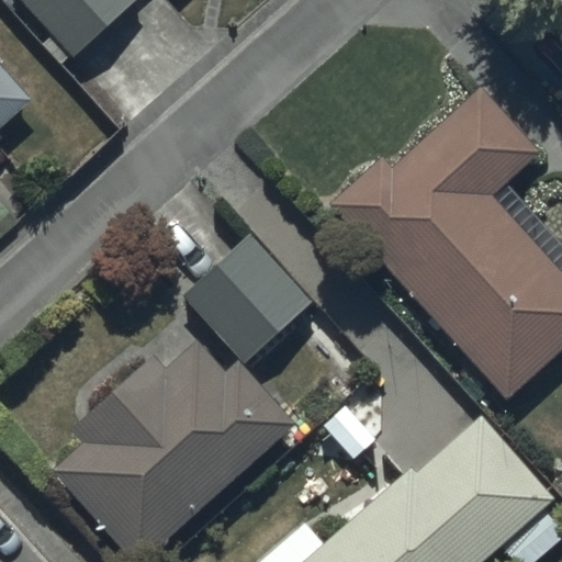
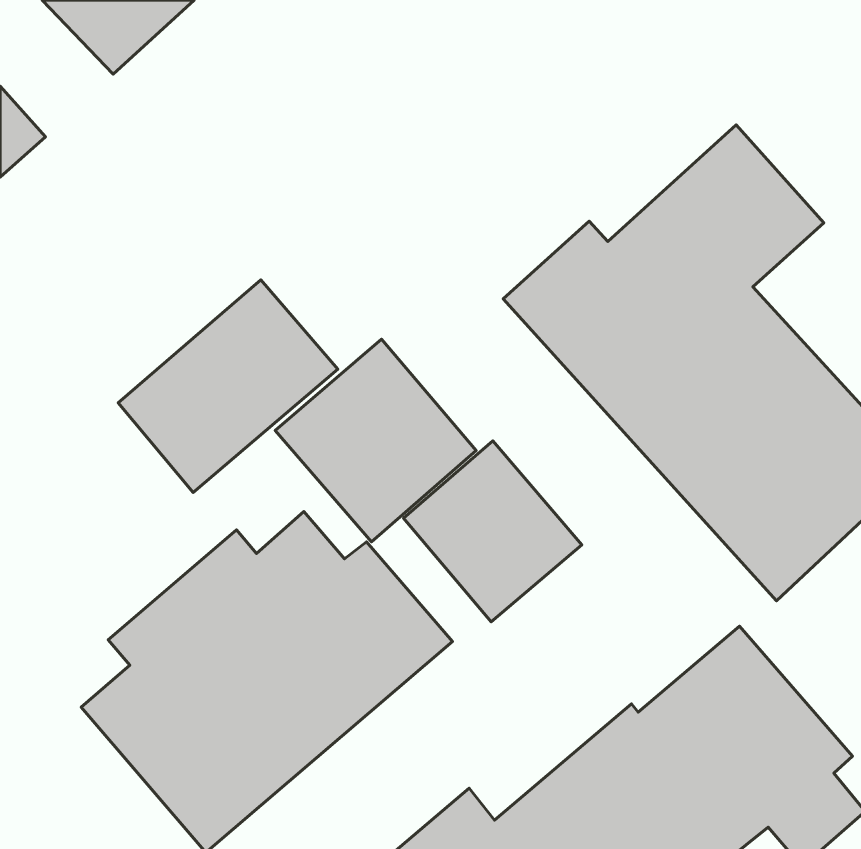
building: none -> [118,280,338,492]
building: none -> [404,441,582,622]

